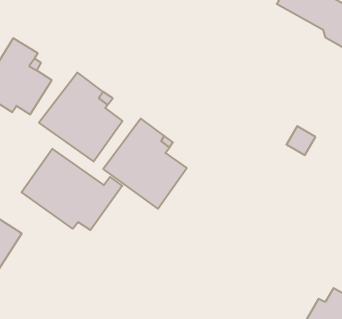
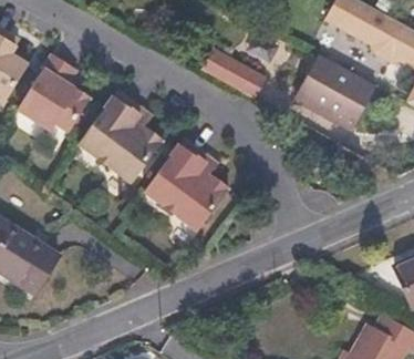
building: none -> [199,47,259,93]
building: none -> [293,54,373,130]
building: [22,149,122,230] -> none

